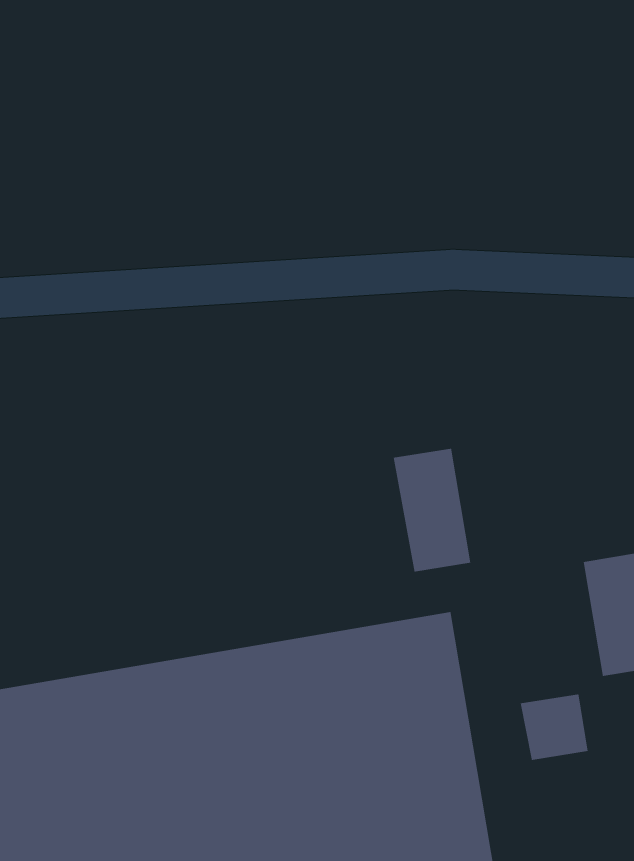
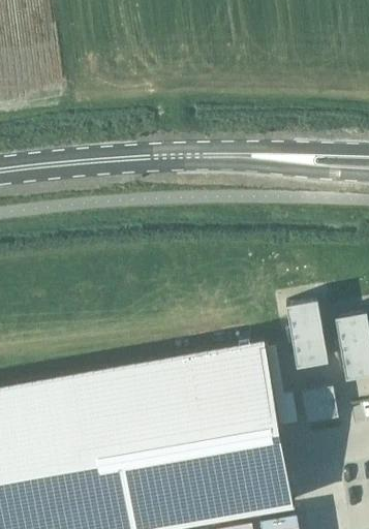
building: [393,448,471,572] -> [285,300,328,367]

